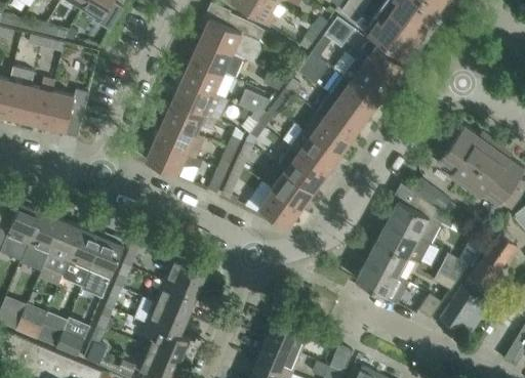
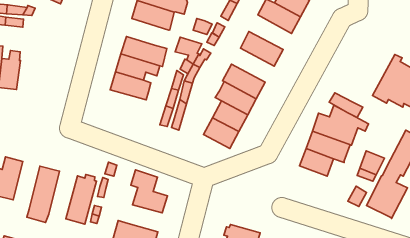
building: [181,60,233,99] -> none
building: [327,76,377,121] -> none
building: [43,90,88,131] -> none
building: [301,113,352,157] -> none
building: [429,126,496,190] -> none
building: [145,141,202,176] -> none
building: [19,212,58,269] -> none
building: [62,229,102,287] -> none
building: [355,261,406,304] -> none
building: [154,281,196,317] -> none

